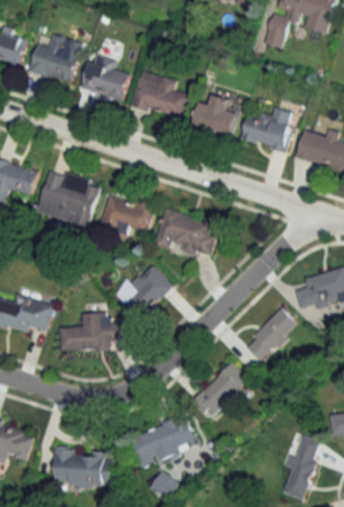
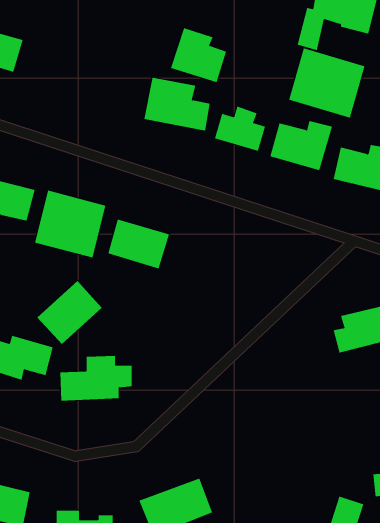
building: [29,34,78,82] -> none
building: none -> [288,47,365,118]
building: [80,53,129,101] -> [170,28,227,83]
building: [155,208,217,257] -> none
building: [115,263,173,319] -> [37,280,103,345]
building: [243,308,298,363] -> none
building: [192,363,248,418] -> none

